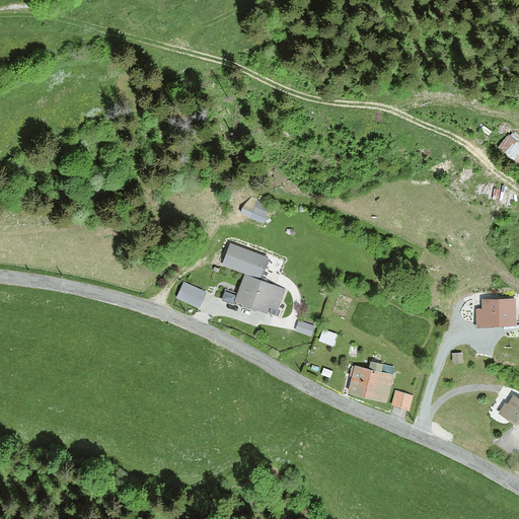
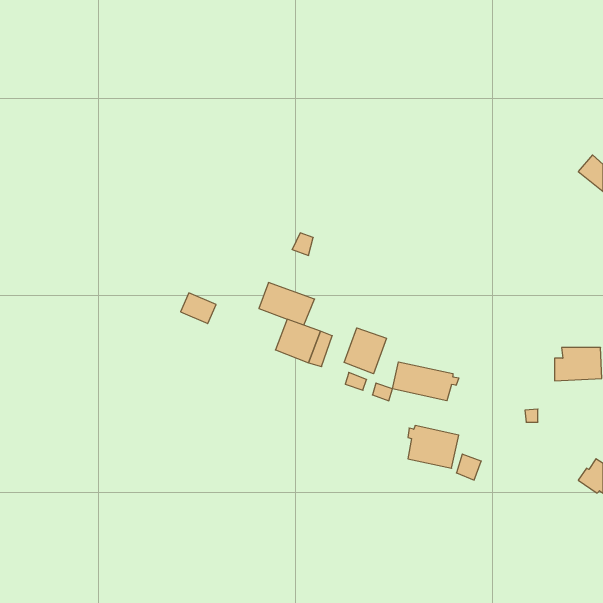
building: [176,281,207,307] -> [181,293,216,324]
building: none -> [344,328,387,374]
building: none -> [393,362,459,401]

